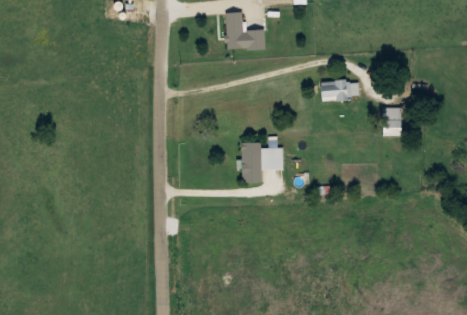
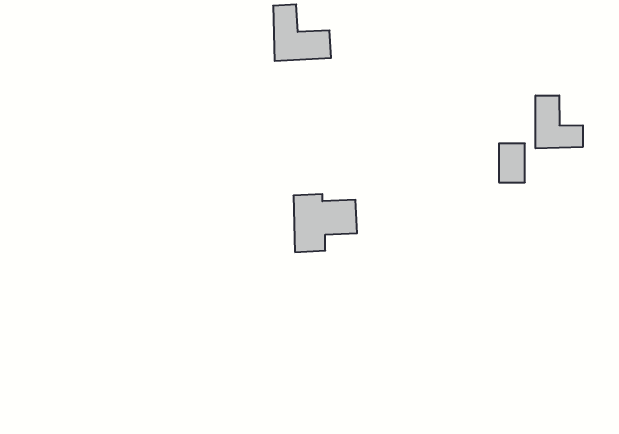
building: none -> [536,95,583,148]
building: [319,81,360,99] -> none

